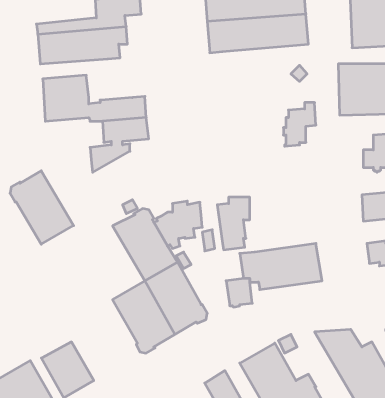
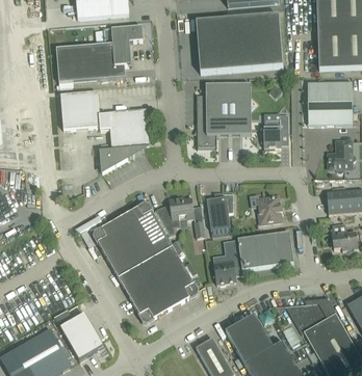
building: none -> [196,82,251,147]
building: [10,171,74,244] -> [93,216,146,277]
building: none -> [257,194,282,222]

